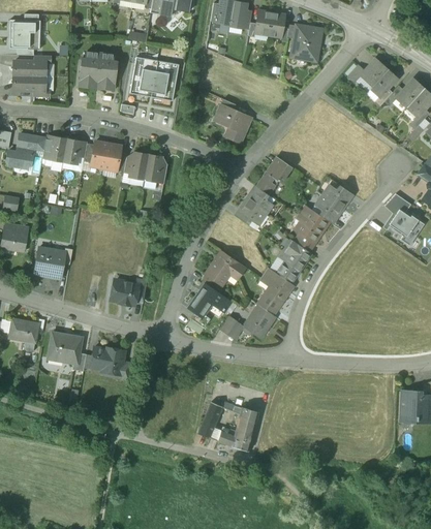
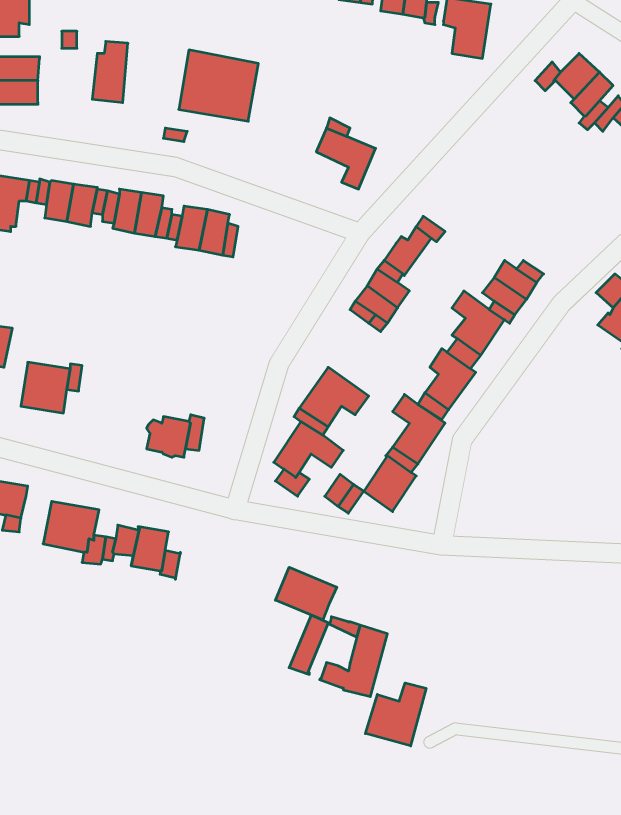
building: [96,53,117,90] -> none
building: none -> [275,567,337,620]
building: none -> [365,683,426,746]

